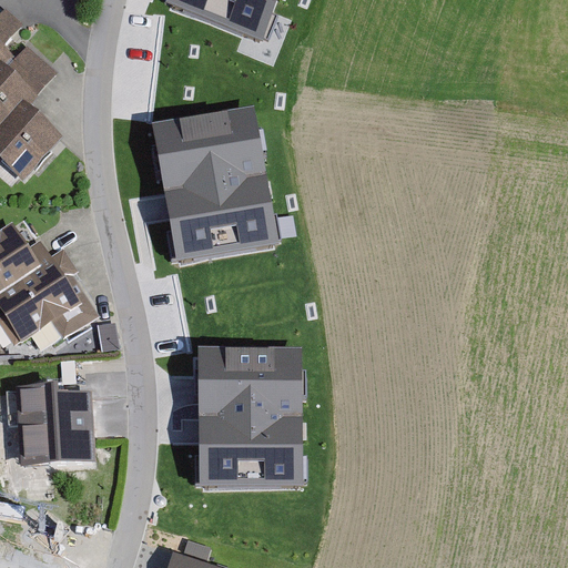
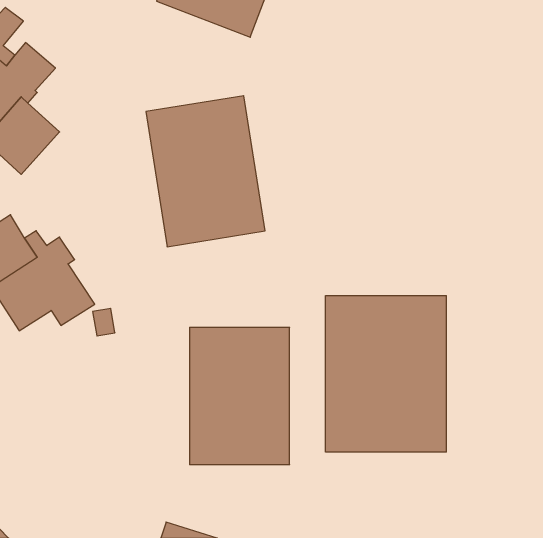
building: none -> [326,296,446,452]
building: [7,386,95,470] -> none

